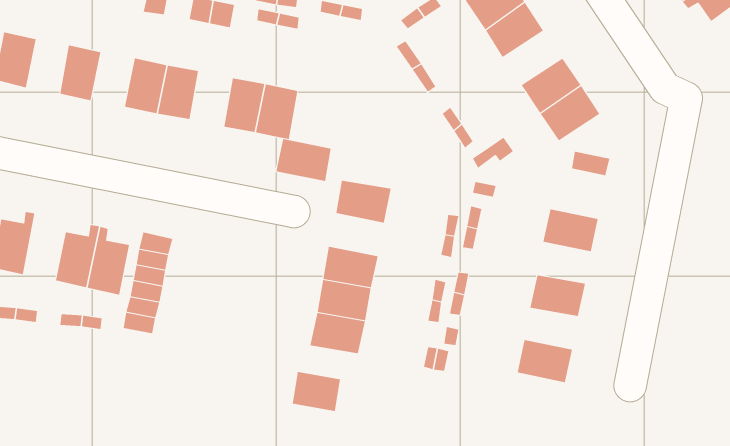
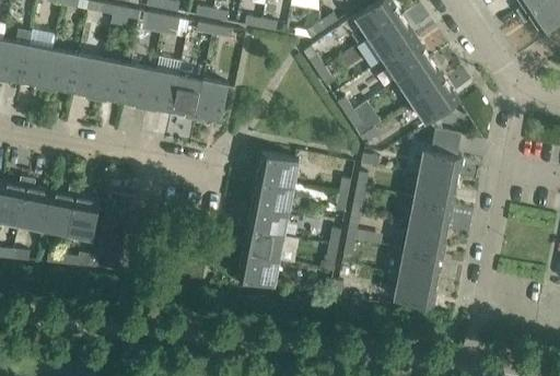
building: none -> [383,39,429,81]
building: none -> [21,46,52,87]
building: none -> [70,56,103,97]
building: none -> [145,70,177,113]
building: [275,138,331,181] -> [250,178,293,211]
building: none -> [419,149,460,183]
building: none -> [19,178,50,230]
building: none -> [409,200,451,232]
building: none -> [399,250,441,282]
building: [292,371,341,412] -> none

